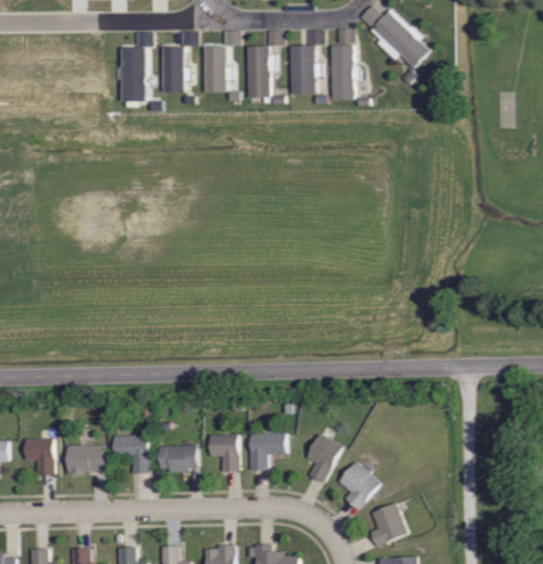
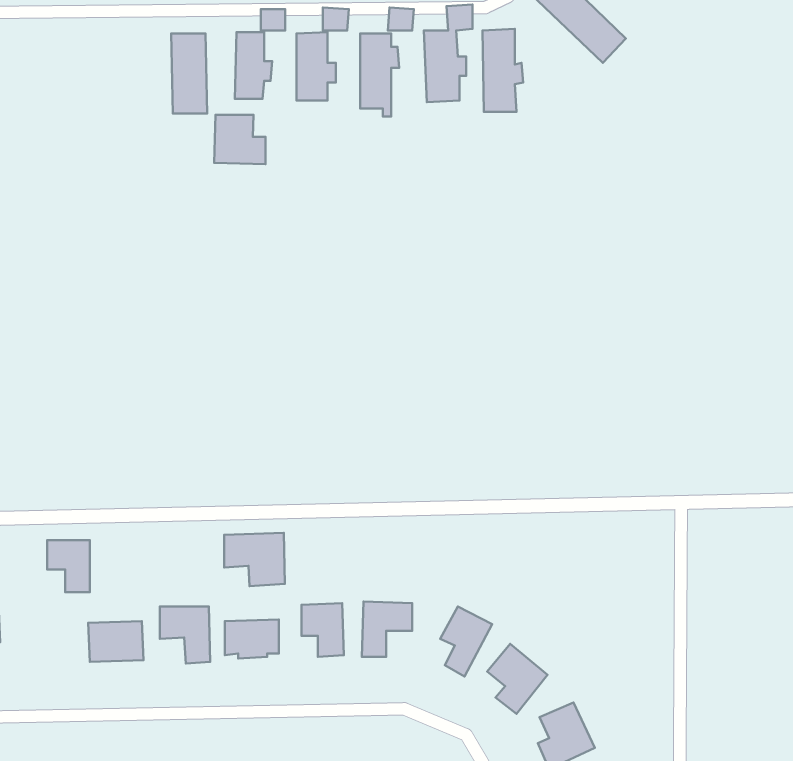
building: none -> [214,115,266,164]
building: none -> [224,533,285,586]
building: [24,440,53,475] -> [47,540,90,592]

